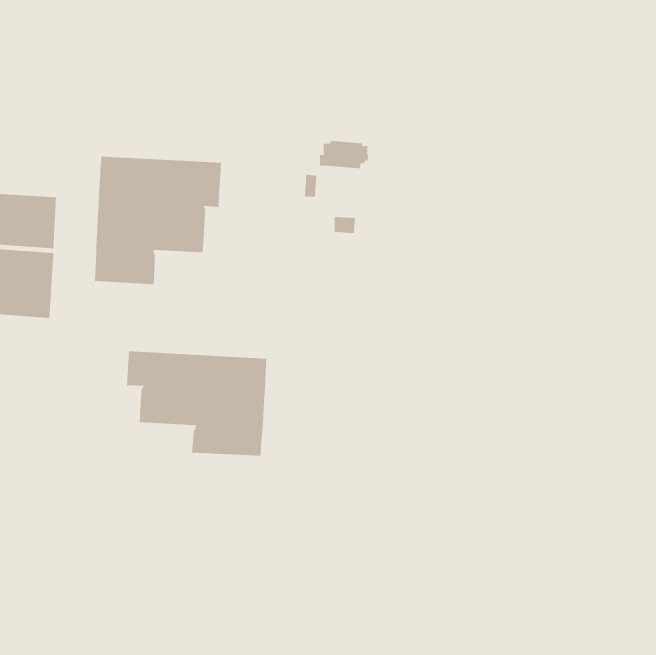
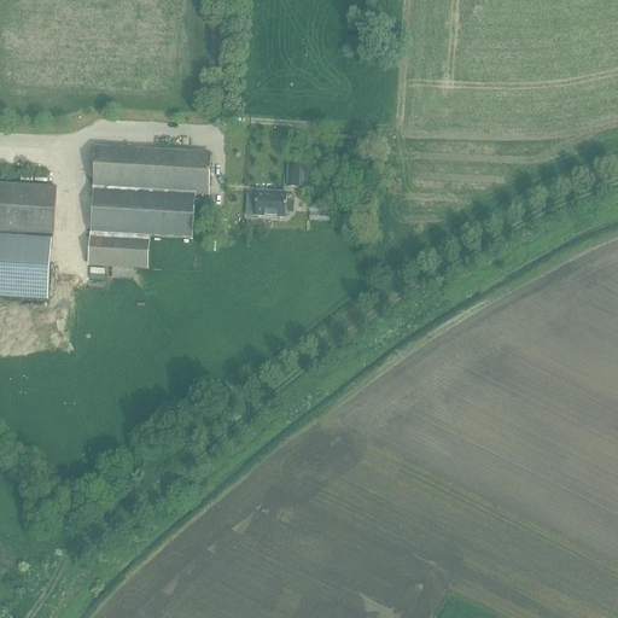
building: [319,140,369,169] -> [244,188,291,215]
building: [126,350,267,457] -> none

